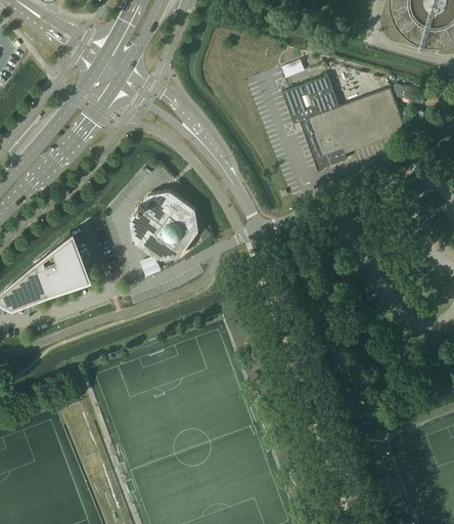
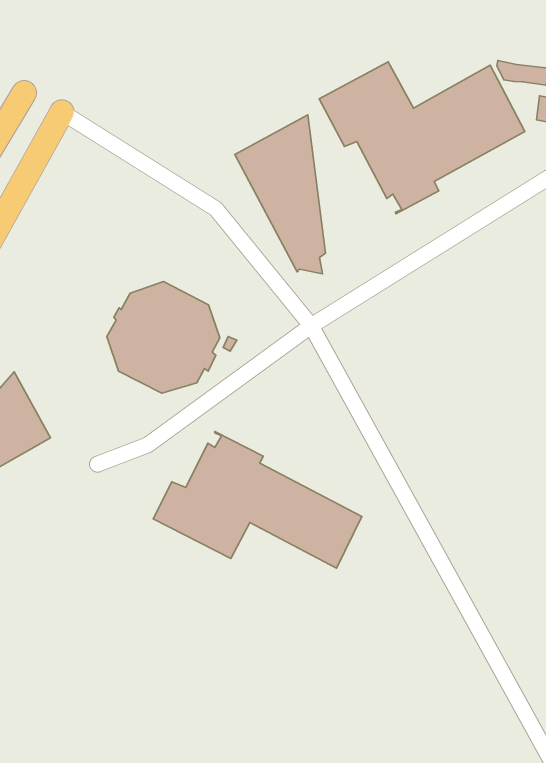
building: none -> [235,115,326,274]
building: none -> [153,431,362,568]

